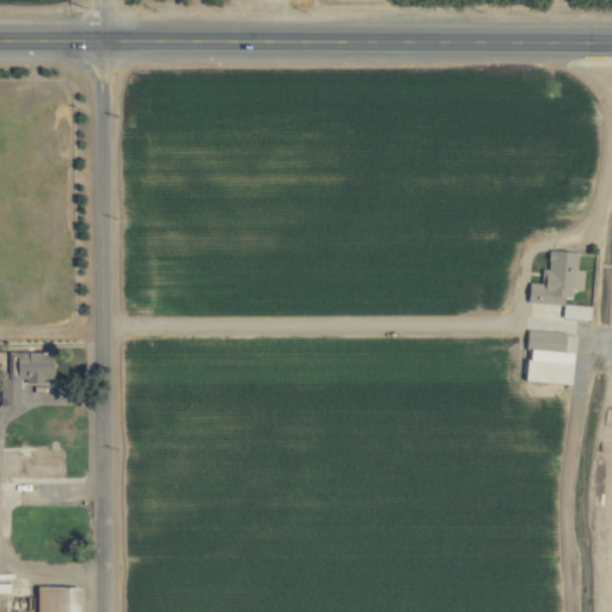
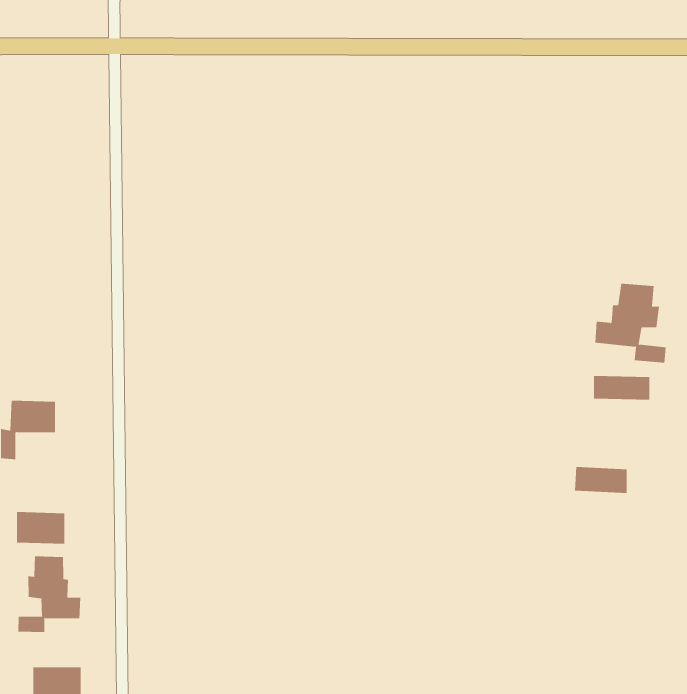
building: [525,360,571,384] -> [574,466,627,494]
building: none -> [18,556,81,633]

